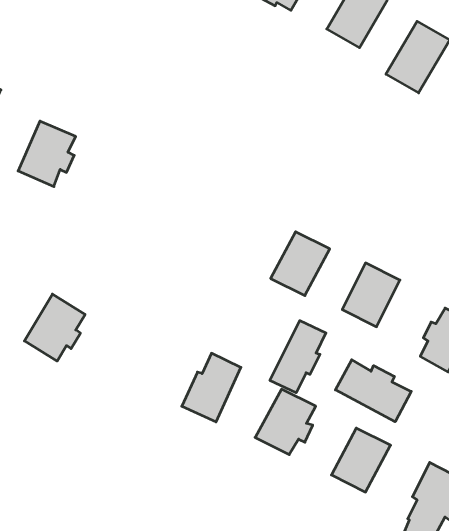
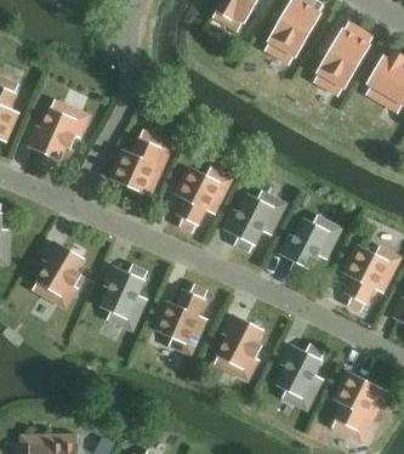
building: none -> [113,130,160,194]
building: none -> [175,175,216,225]
building: [270,321,326,393] -> none
building: none -> [99,268,143,318]
building: [335,360,411,422] -> none

